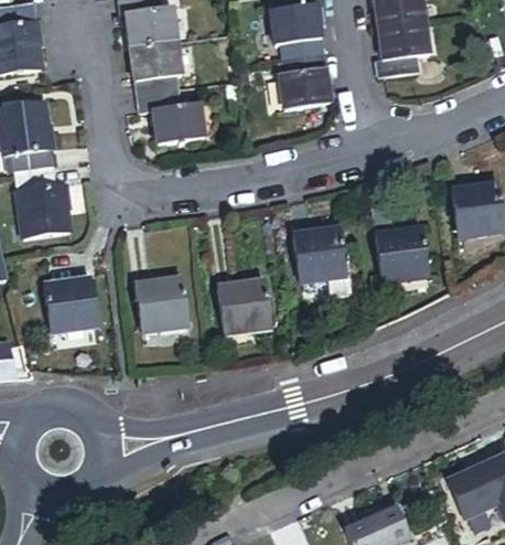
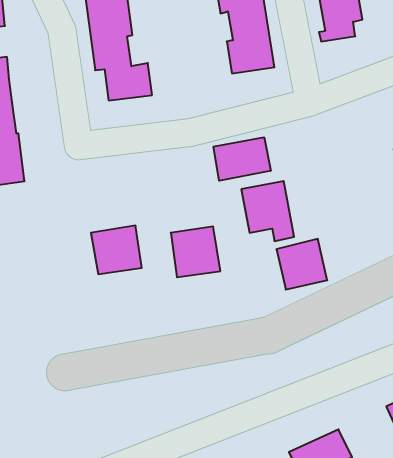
building: none -> [214,137,271,181]
building: [382,227,436,281] -> [276,239,327,290]
building: [45,279,98,331] -> none

